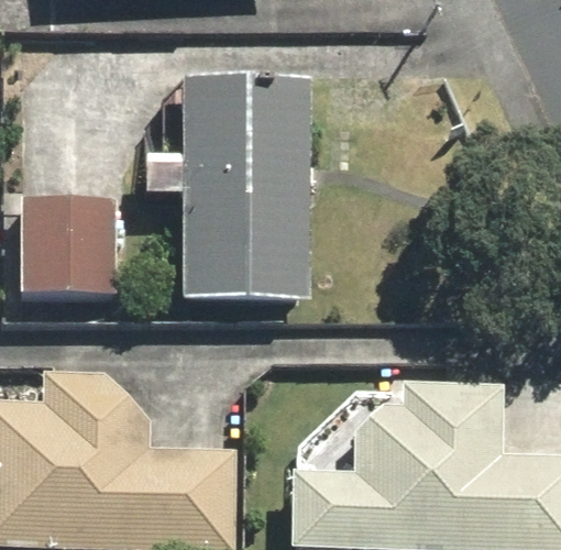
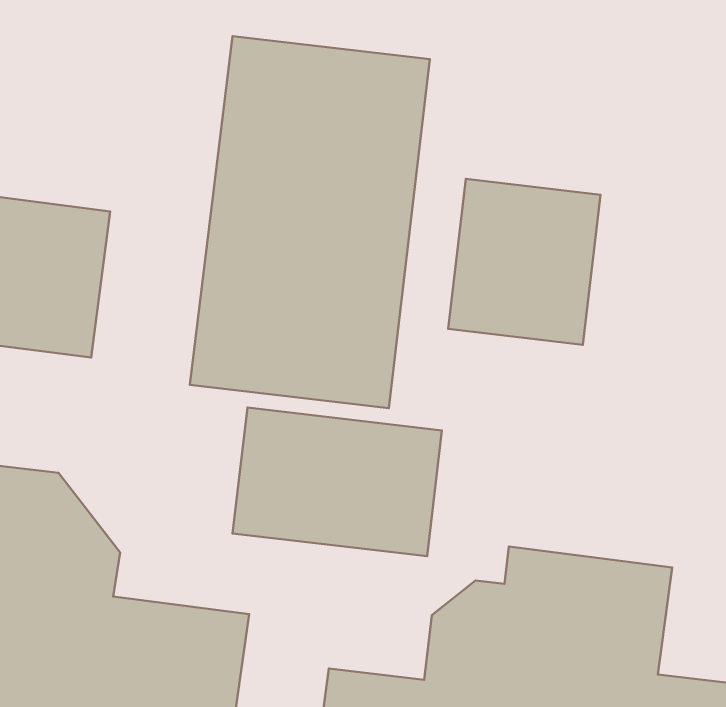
building: none -> [448,179,601,345]
building: none -> [233,408,442,556]

